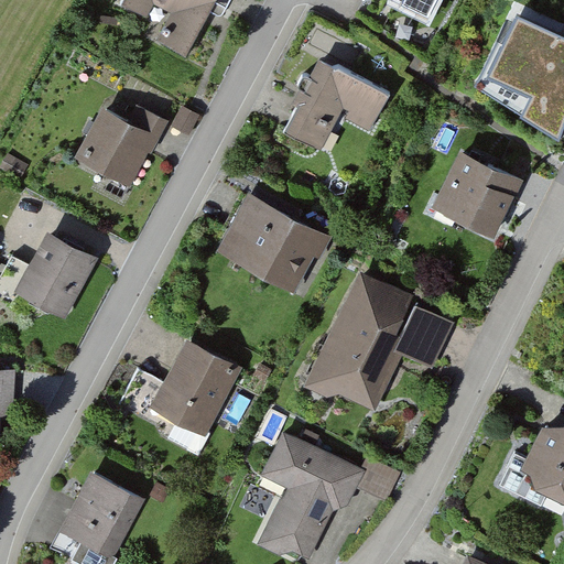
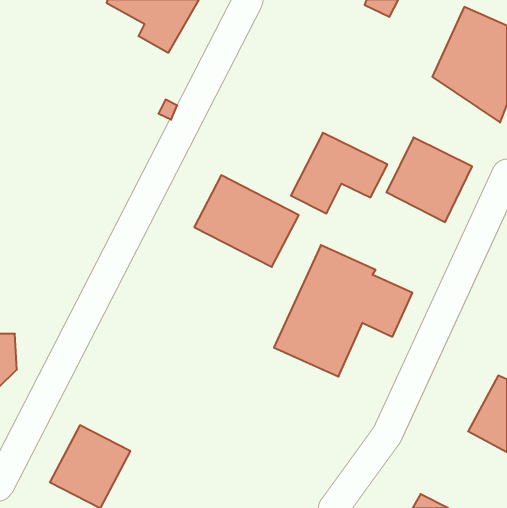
building: [286,59,393,149] -> [291,133,387,213]
building: [73,105,170,191] -> none
building: [13,232,95,317] -> none
building: [124,336,242,436] -> none
building: [258,431,362,556] -> none

